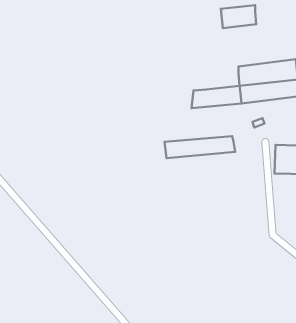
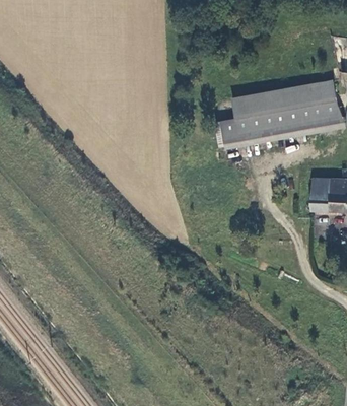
building: [221,5,256,28] -> [233,91,272,117]
building: [164,136,235,158] -> none

